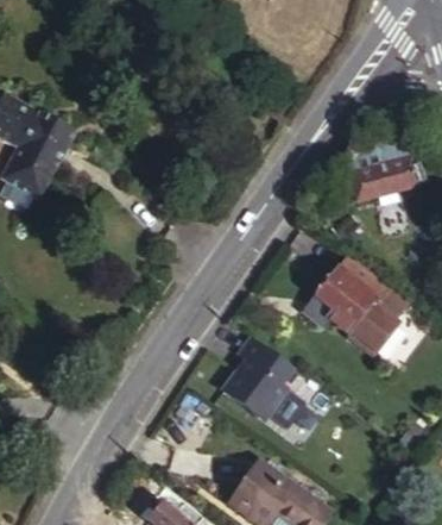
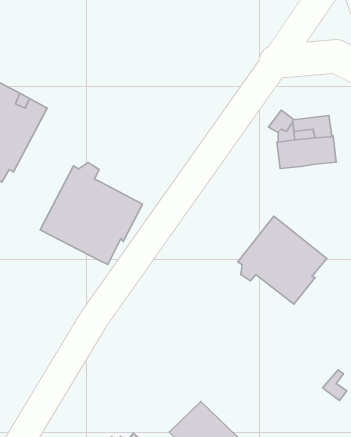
building: none -> [40,163,142,264]
building: [226,337,296,417] -> none

